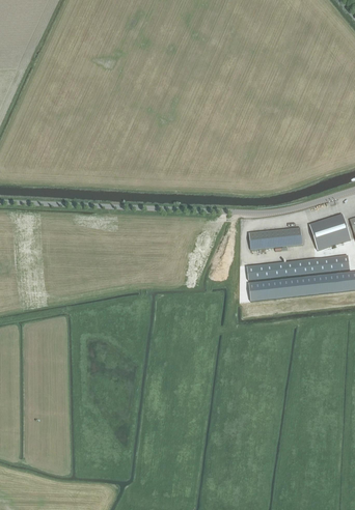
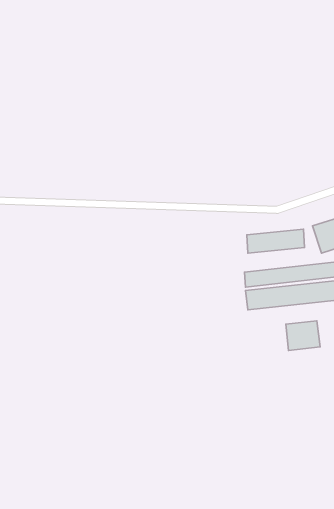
building: none -> [286,321,320,350]

